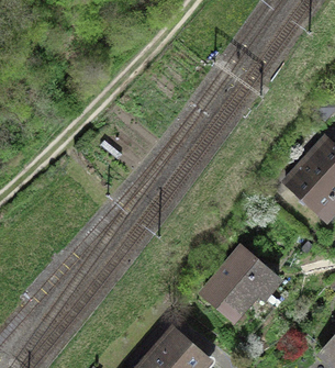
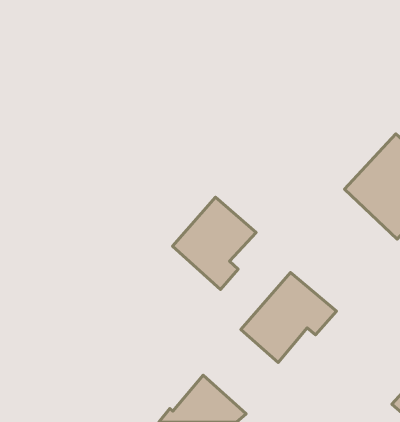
building: none -> [173,197,256,289]

